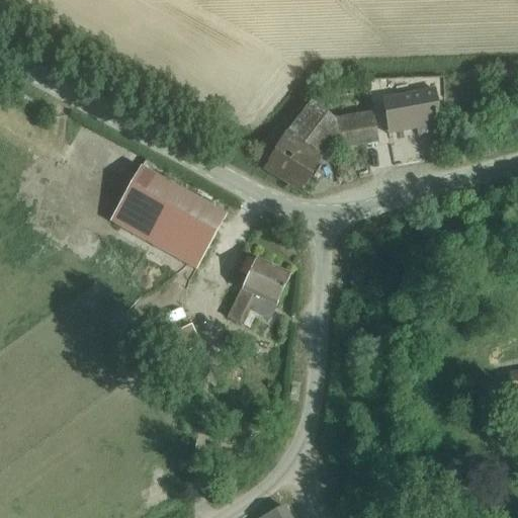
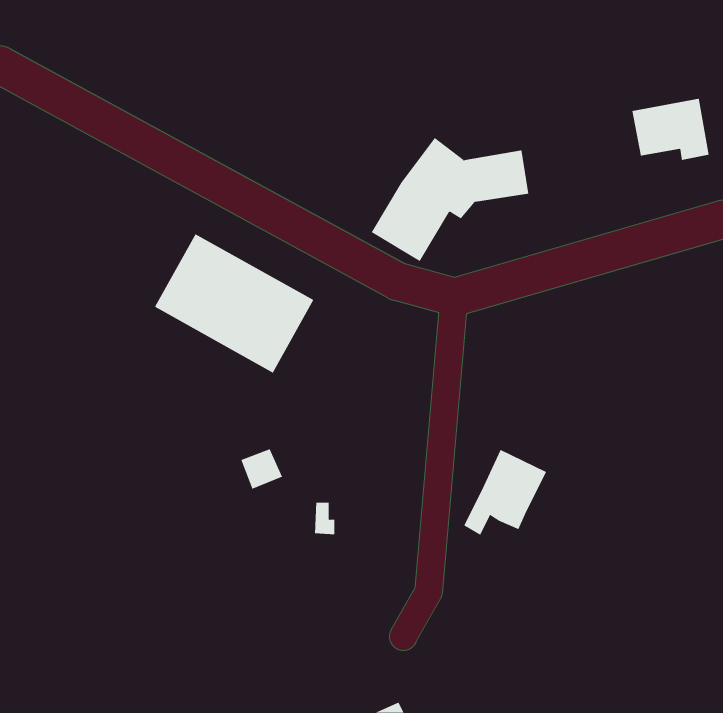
building: [382,86,438,131] -> [632,98,709,161]
building: [232,256,291,318] -> [463,449,547,535]

